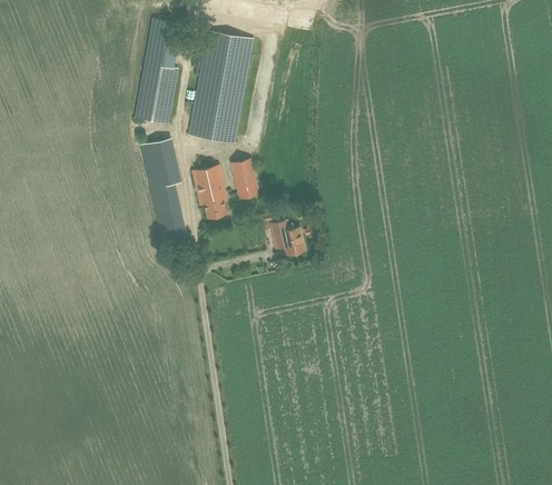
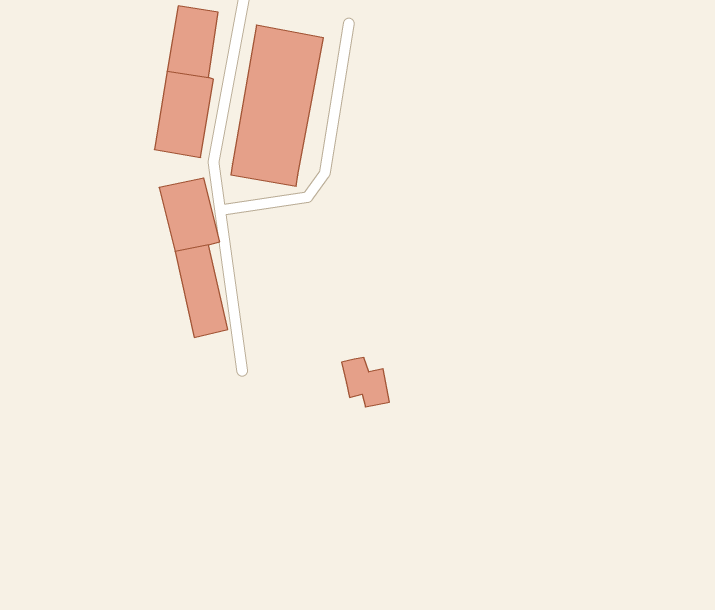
building: [230,159,259,199] -> none
building: [194,166,227,219] -> none
building: [270,220,304,255] -> [342,358,389,407]

